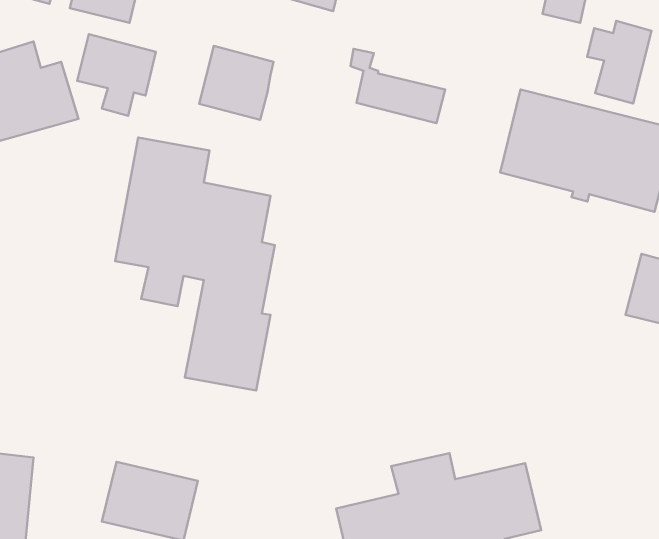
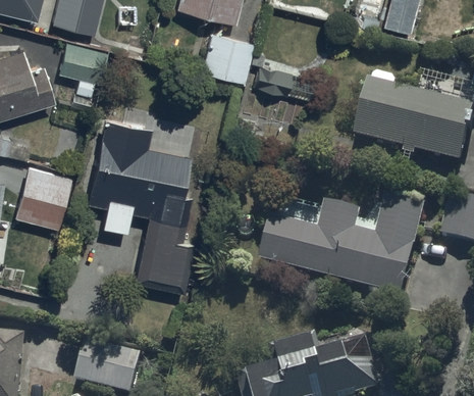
building: [587,21,651,103] -> none
building: [199,46,273,120] -> [201,30,253,82]
building: none -> [14,164,72,226]
building: none -> [261,196,426,296]

